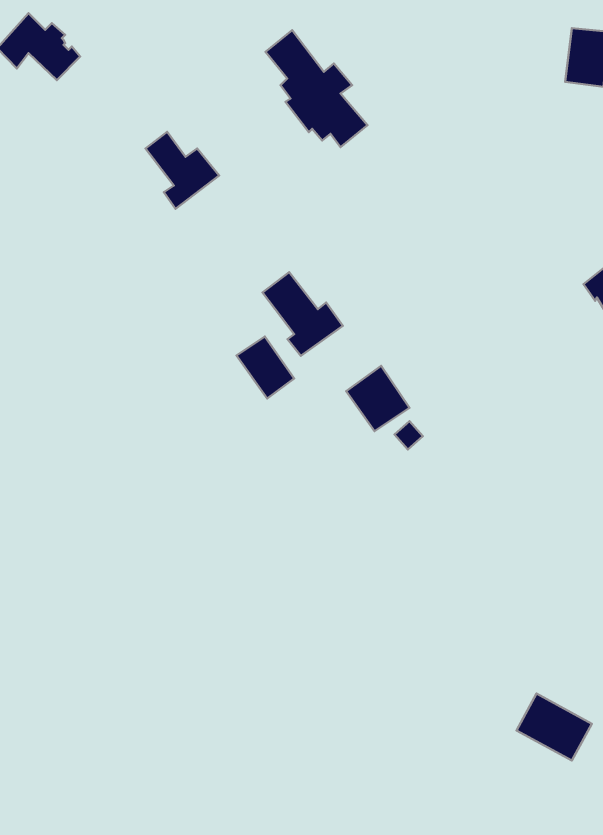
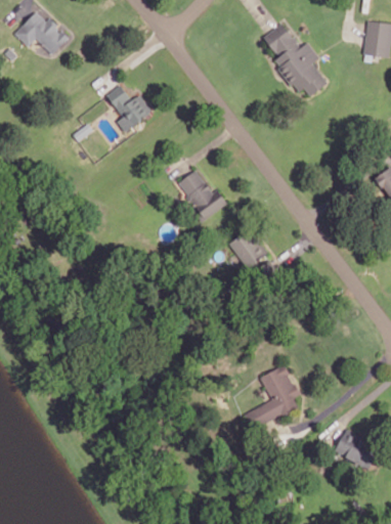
building: [265,30,367,147] -> [264,25,327,96]
building: [236,336,294,398] -> none
building: none -> [254,366,300,425]

